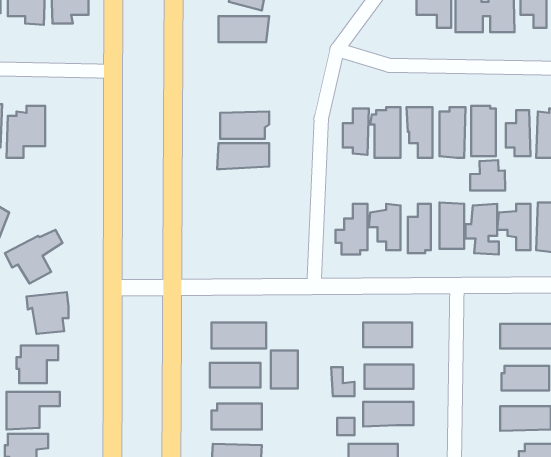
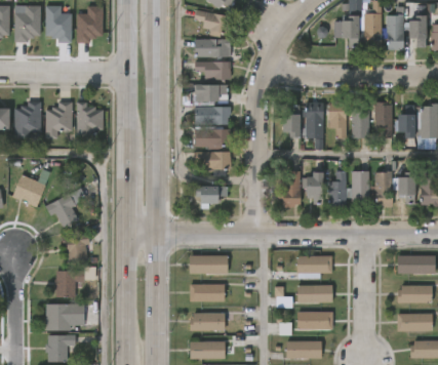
building: none -> [195,60,231,79]
building: none -> [197,83,229,100]
building: none -> [77,102,104,135]
building: [470,160,505,190] -> none
building: none -> [194,151,231,169]
building: none -> [196,185,221,203]
building: [271,350,298,389] -> none

